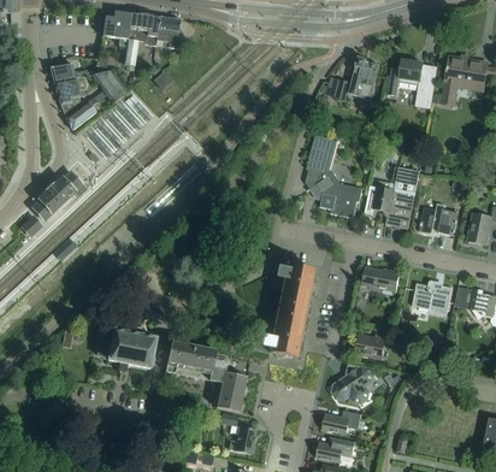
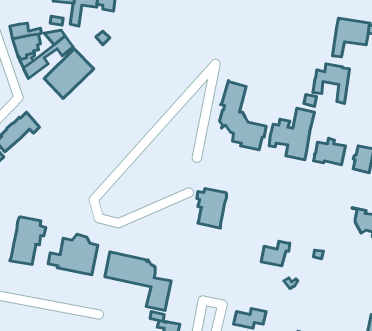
building: [326,57,378,100] -> none
building: [386,59,431,107] -> [313,64,350,103]
building: [361,267,400,291] -> none
building: [412,279,451,314] -> none
building: none -> [10,217,46,265]
building: [252,306,306,358] -> none
building: [332,364,372,403] -> none

